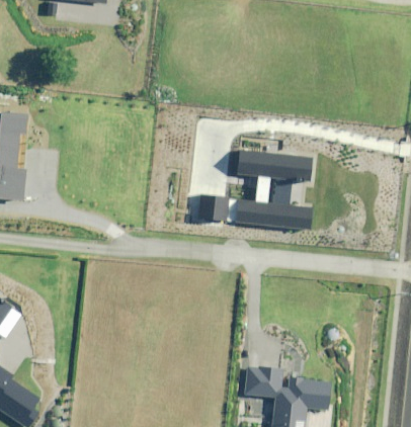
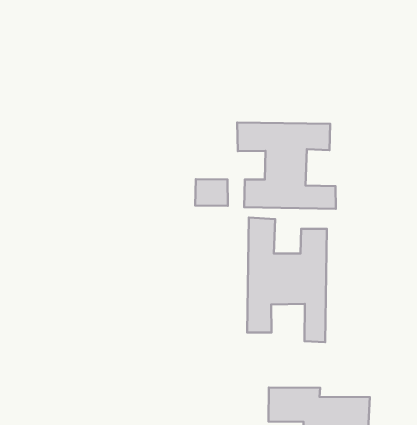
building: none -> [247,218,327,342]

